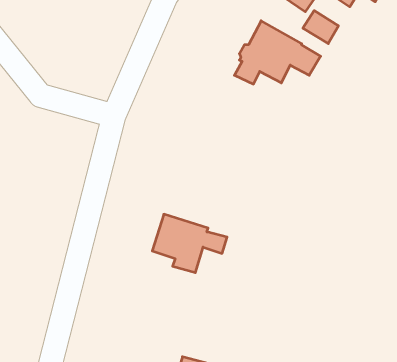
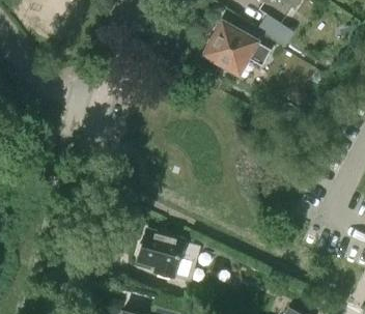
building: [152,214,227,273] -> [140,231,201,279]

